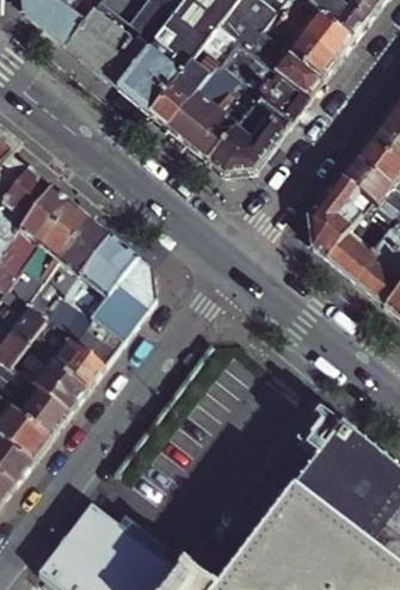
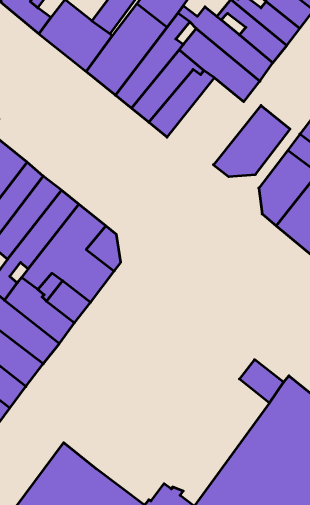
building: [205,96,290,174] -> [213,105,290,177]

